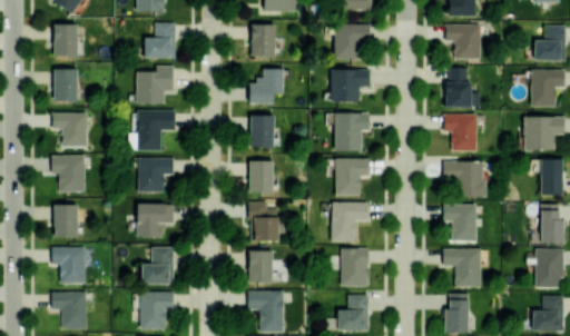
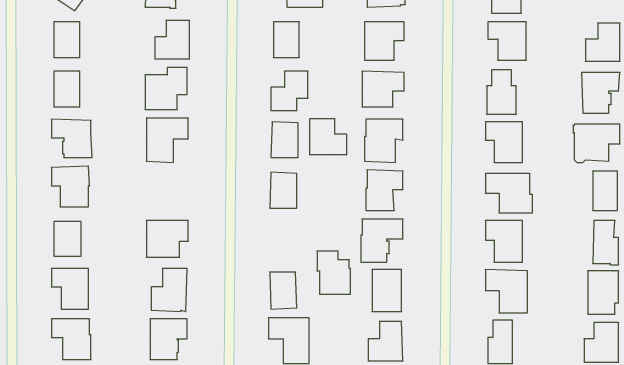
building: none -> [310,119,346,155]
building: [138,158,174,192] -> none
building: [248,201,278,240] -> [317,251,350,294]

